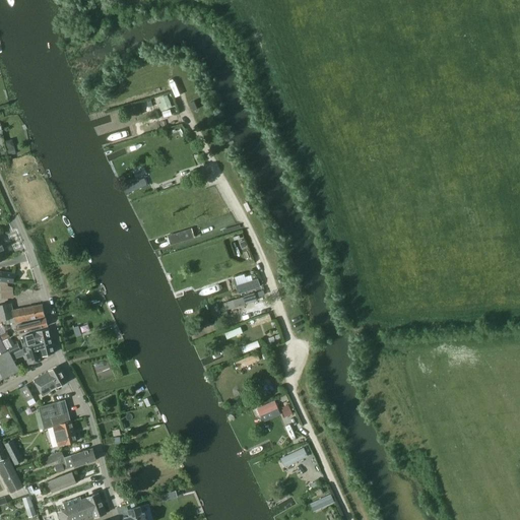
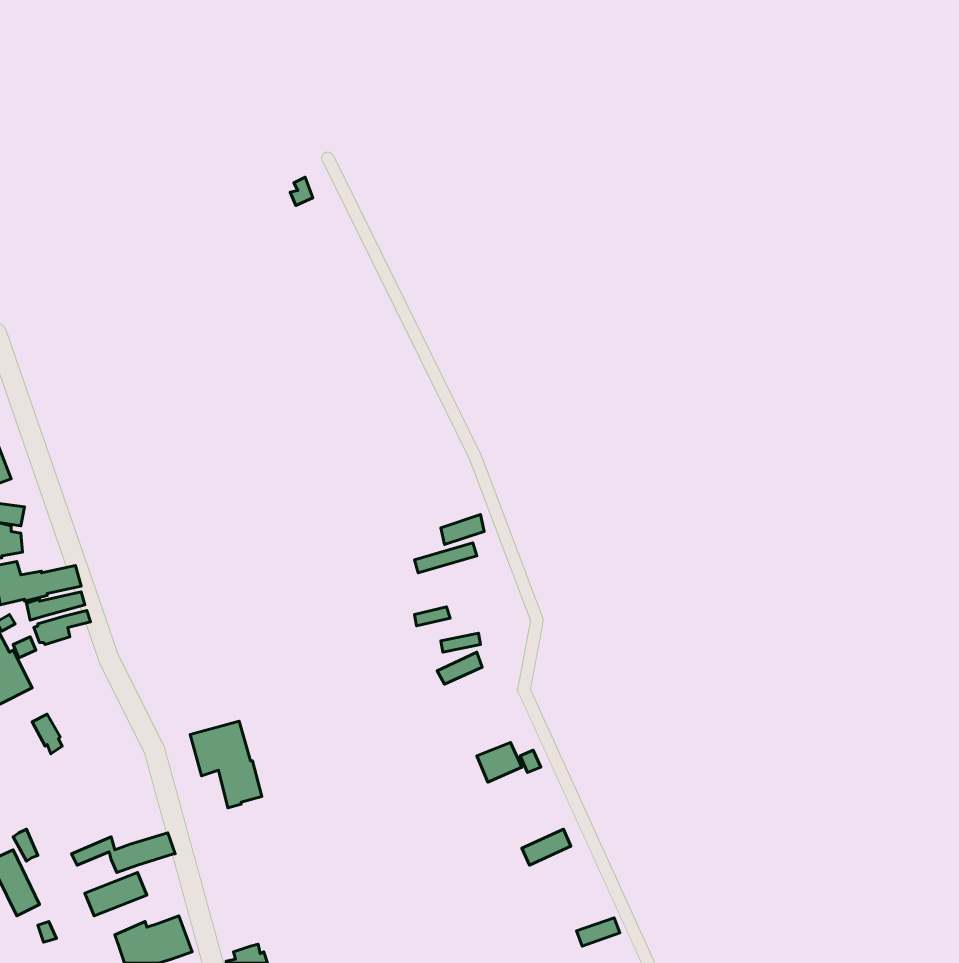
building: [23,335,53,367] -> none
building: [32,366,65,395] -> none
building: [37,400,75,447] -> [190,721,262,808]

